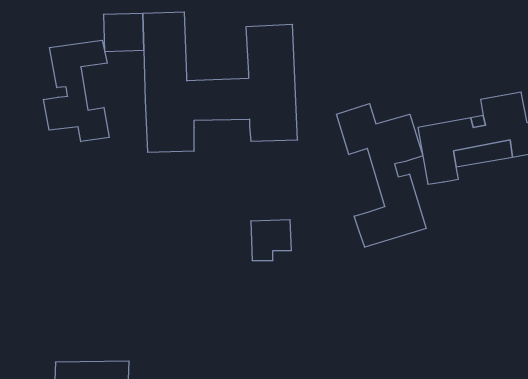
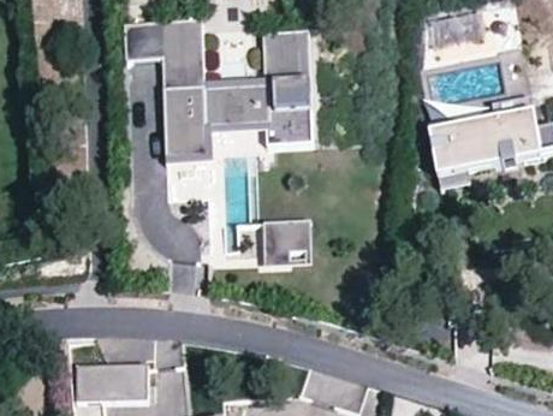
building: [43,40,109,142] -> none
building: [336,104,426,247] -> none

